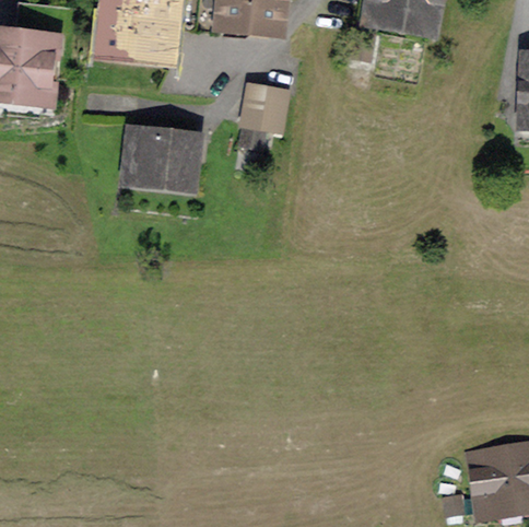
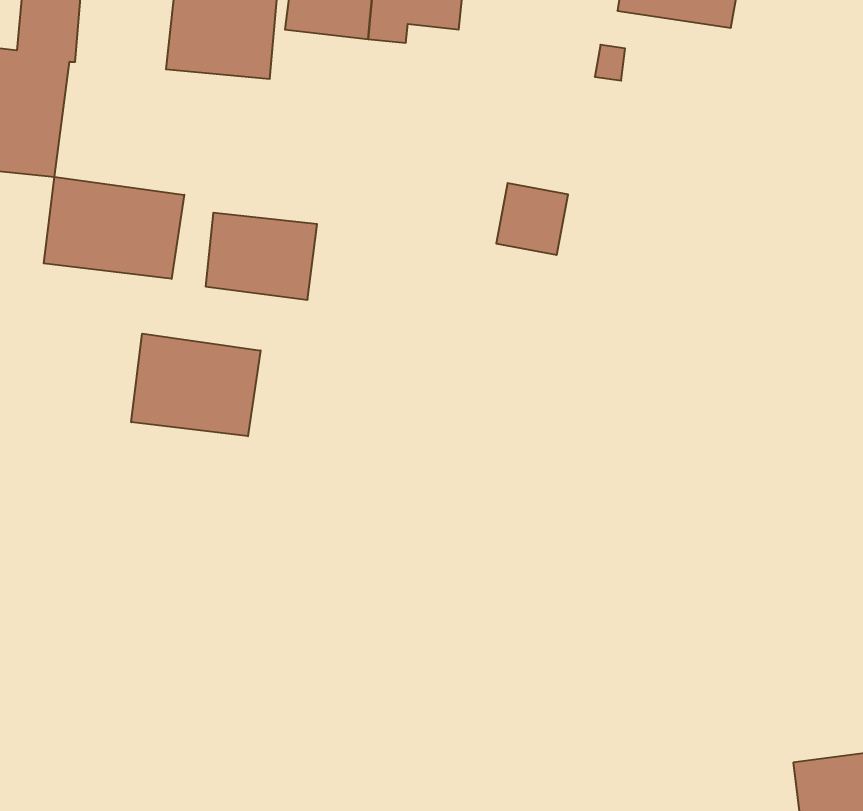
building: [244,87,285,129] -> [496,183,568,255]
building: none -> [44,177,184,279]
building: none -> [131,334,261,436]

